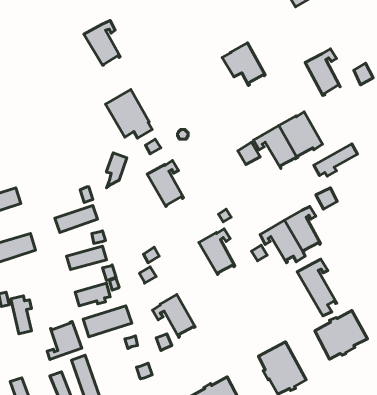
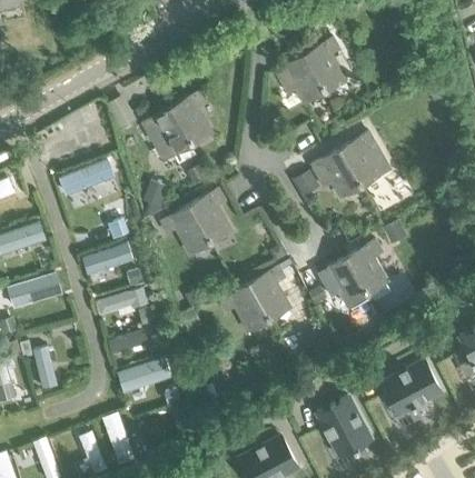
building: [84,21,120,65] -> [171,93,212,145]
building: [305,49,340,96] -> [305,39,345,92]
building: none -> [59,156,116,193]
building: [314,144,357,176] -> none
building: none -> [161,206,210,256]
building: [297,259,337,316] -> none
building: [152,295,195,337] -> [221,283,270,332]
building: [47,321,82,359] -> none

